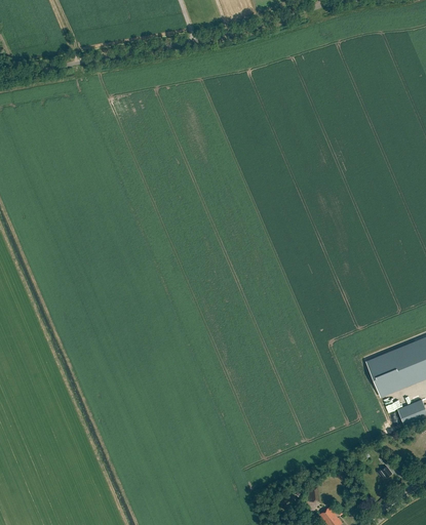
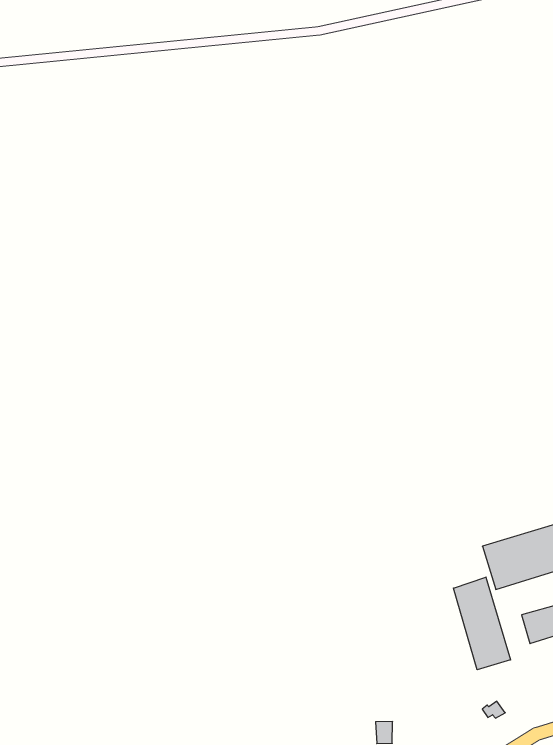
building: none -> [453,577,511,670]

